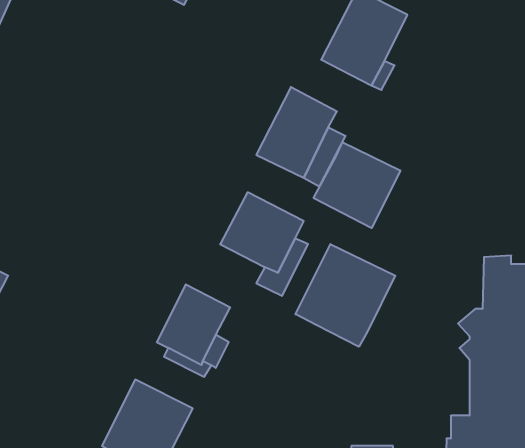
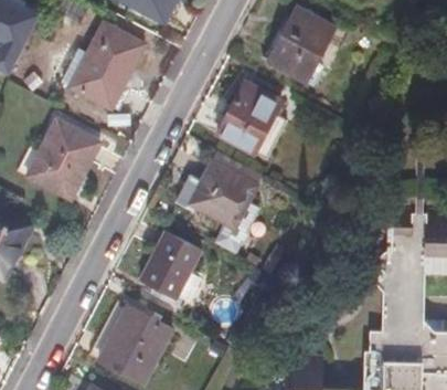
building: none -> [72,23,142,104]
building: none -> [29,119,100,197]
building: [314,142,400,228] -> none
building: [295,244,395,347] -> none

